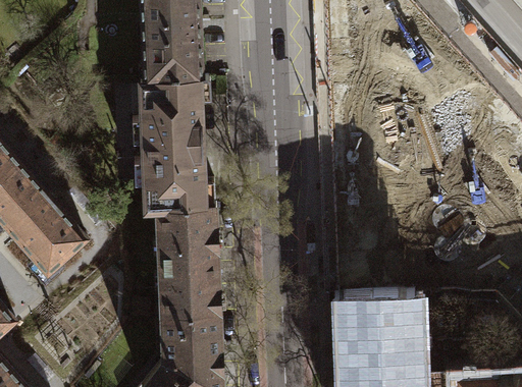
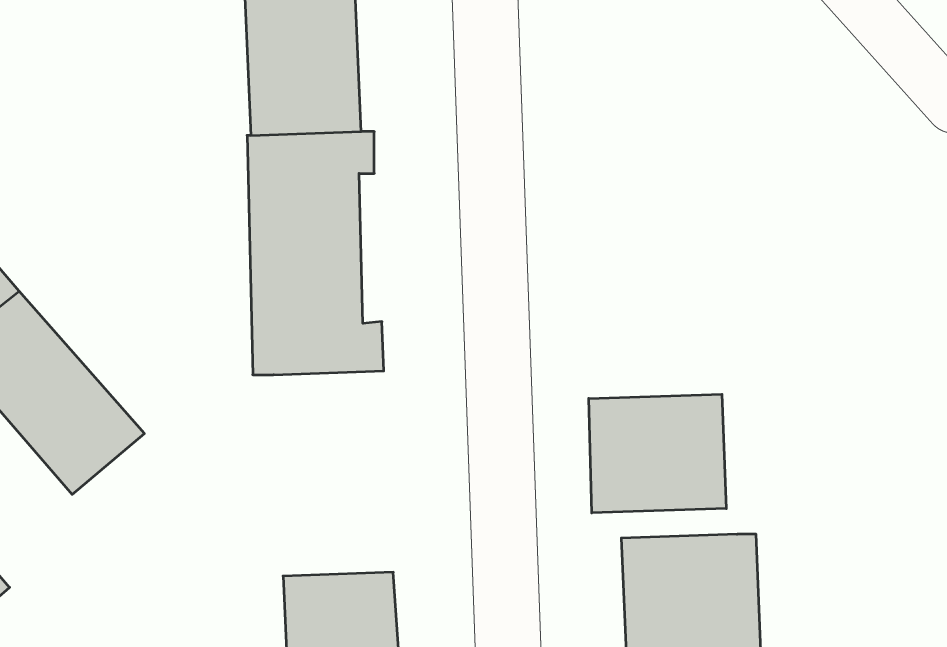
building: [155,208,219,318] -> none
building: none -> [589,394,726,513]

